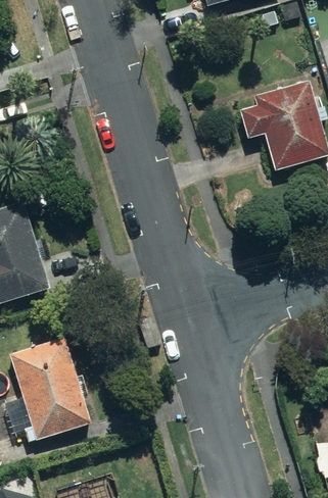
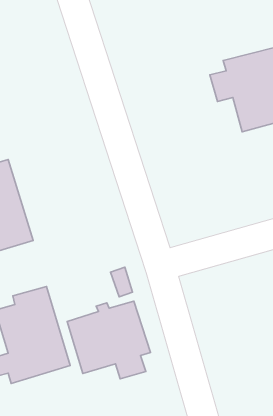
building: none -> [67,301,150,379]

